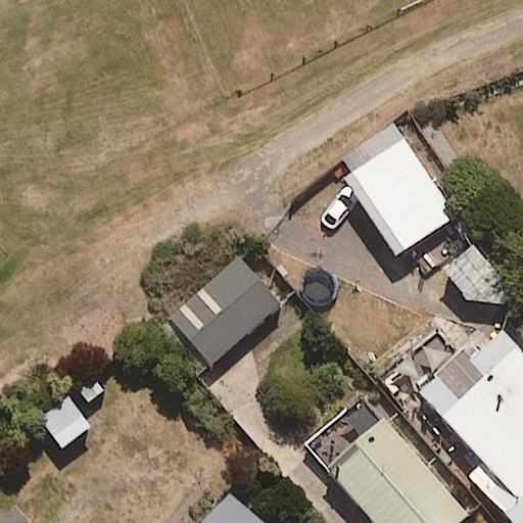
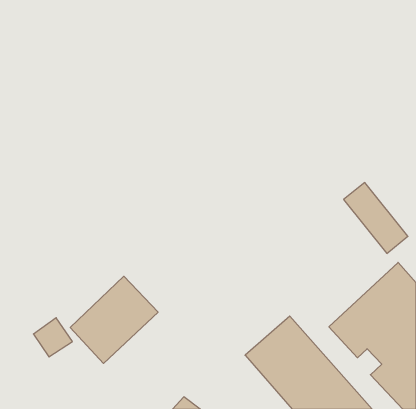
building: [338,126,456,254] -> none
building: [170,257,280,367] -> [70,276,158,363]

